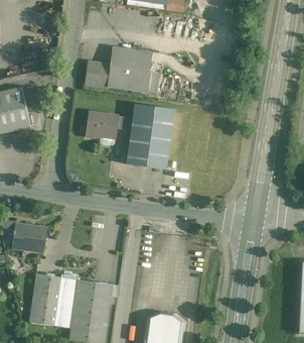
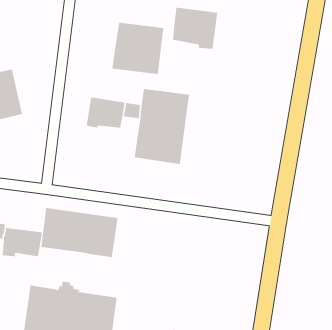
building: none -> [173,7,218,50]
building: [85,61,110,86] -> none
building: none -> [41,207,118,258]

